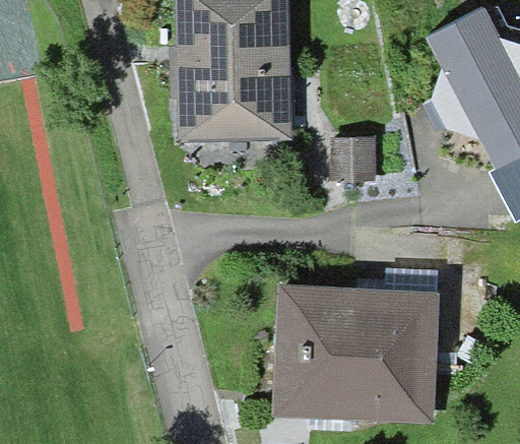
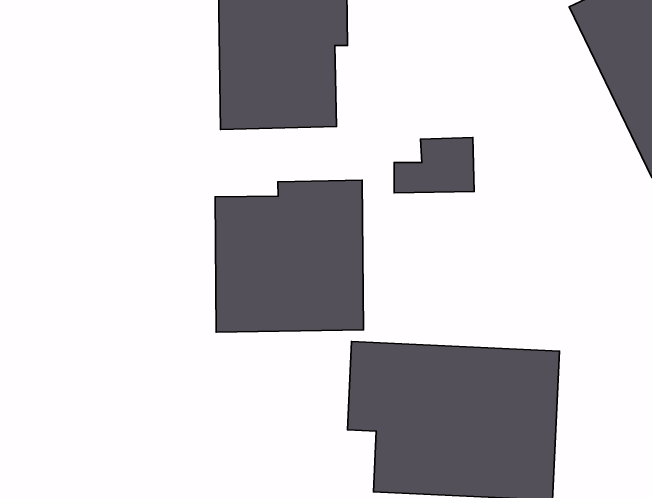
building: none -> [215,180,364,332]

